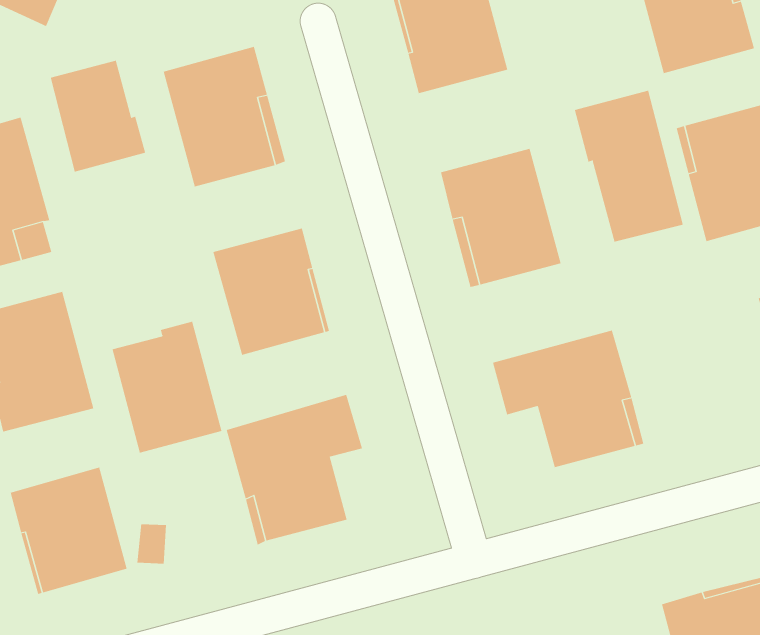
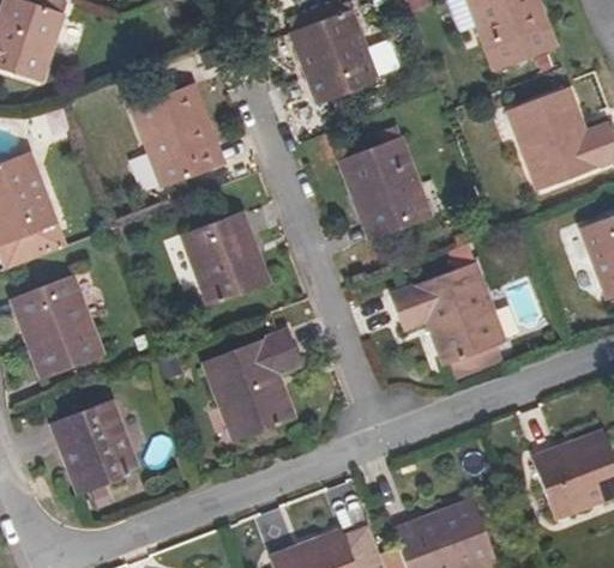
building: [50,60,146,172] -> none
building: [574,90,683,243] -> none
building: [112,321,222,453] -> none

